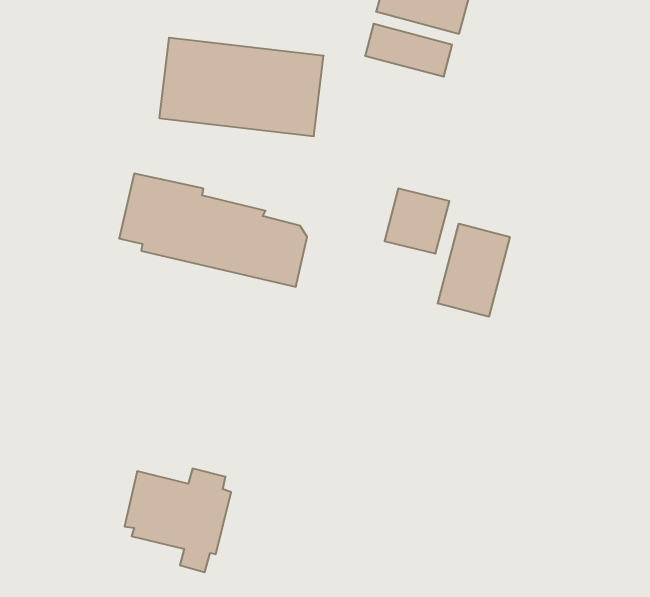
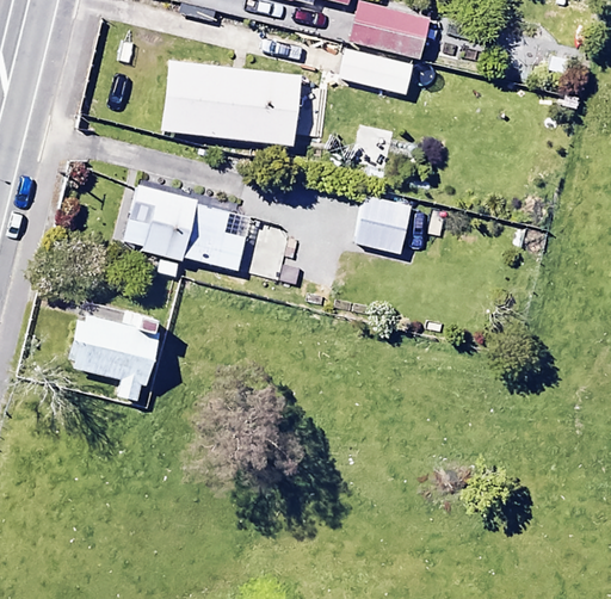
building: [438,224,510,317] -> none
building: [125,469,231,572] -> [67,308,159,397]

